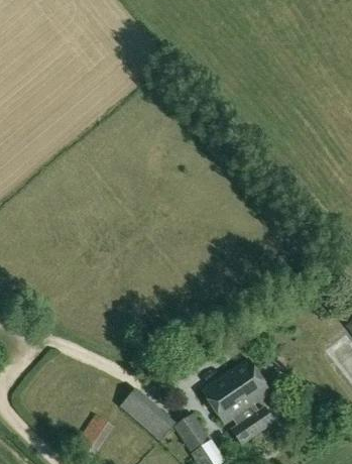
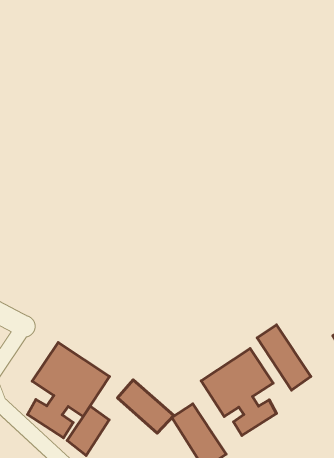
building: none -> [257,325,311,390]
building: none -> [28,342,109,438]

